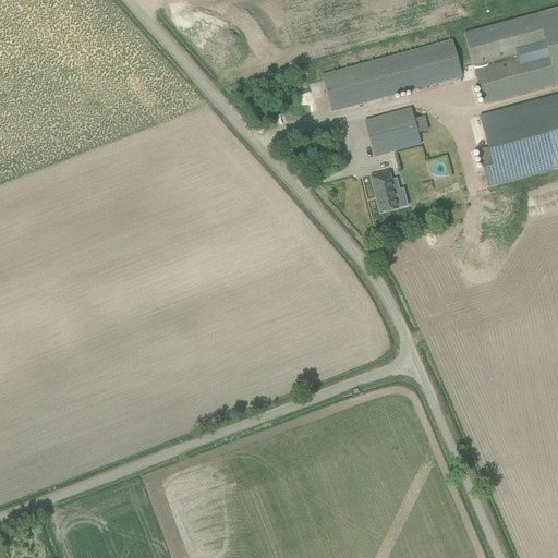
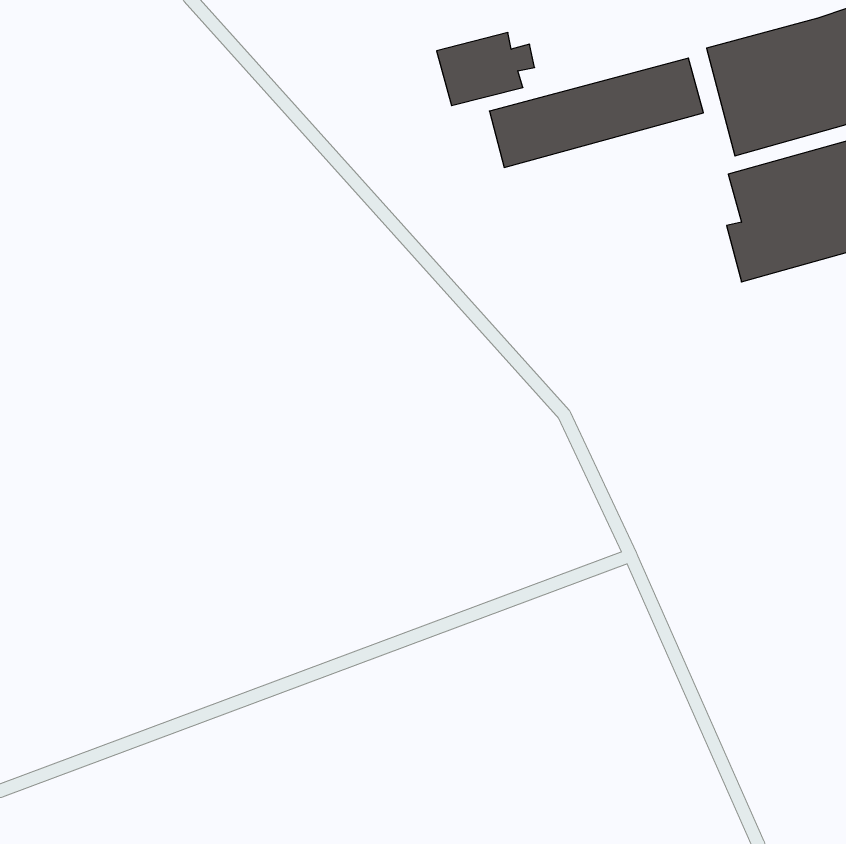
building: [365,107,429,155] -> [437,33,535,106]
building: [372,170,400,211] -> none

